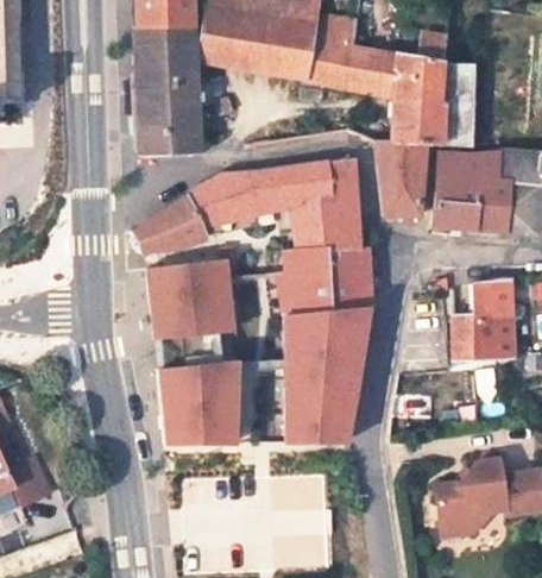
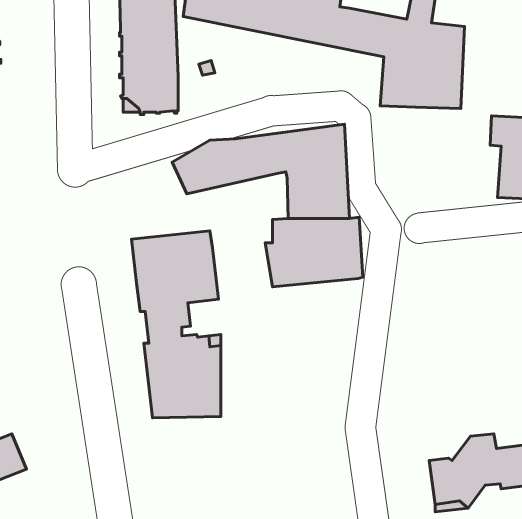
building: [377,139,424,212] -> none
building: [433,150,508,230] -> none
building: [131,195,207,253] -> none
building: [454,283,513,364] -> none
building: [285,307,373,442] -> none

